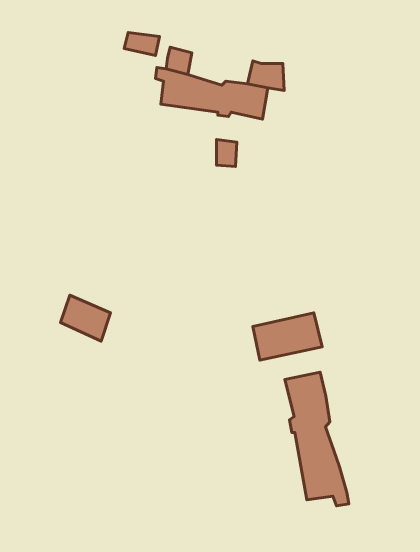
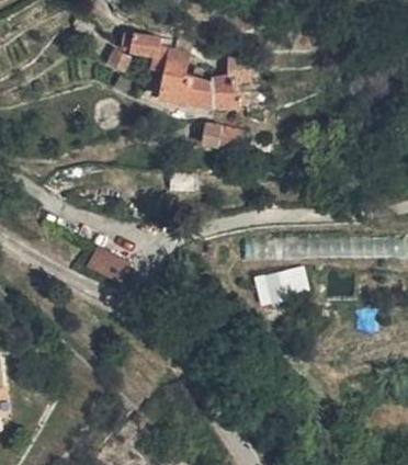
building: [285,372,349,506] -> none

